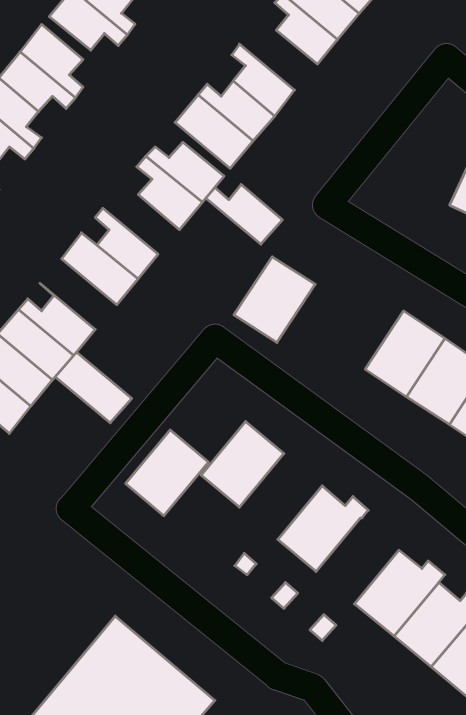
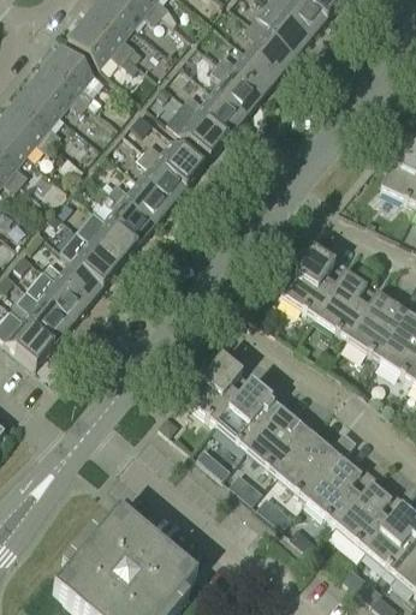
building: none -> [216,49,278,96]
building: [206,184,282,244] -> [109,178,170,225]
building: [234,257,315,343] -> [281,247,345,315]
building: [55,352,132,423] -> [60,228,120,283]
building: [126,430,208,516] -> [216,381,281,448]
building: none -> [277,429,356,498]

